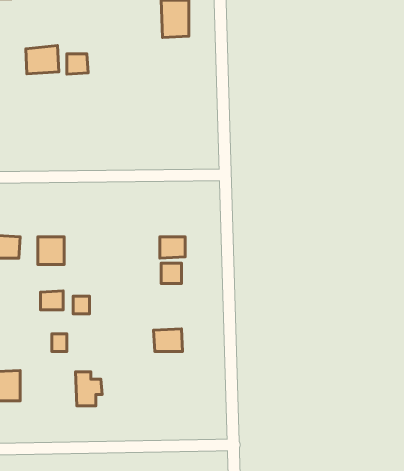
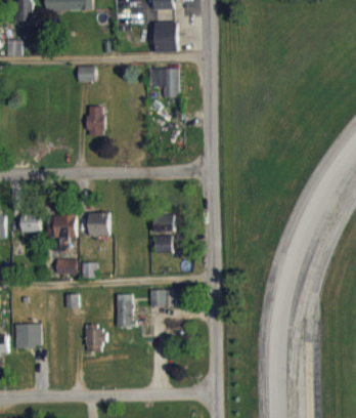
building: [26,45,59,74] -> none
building: none -> [148,68,178,97]
building: none -> [88,106,104,135]
building: none -> [88,212,109,235]
building: none -> [117,293,133,327]

